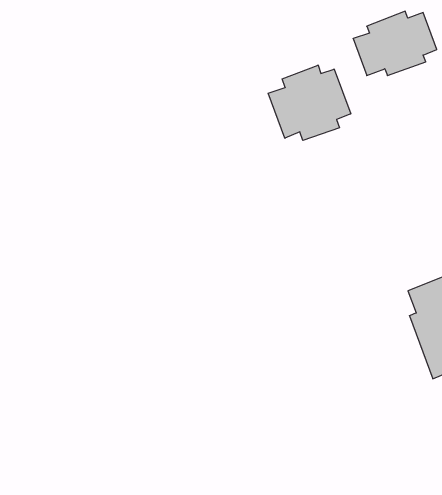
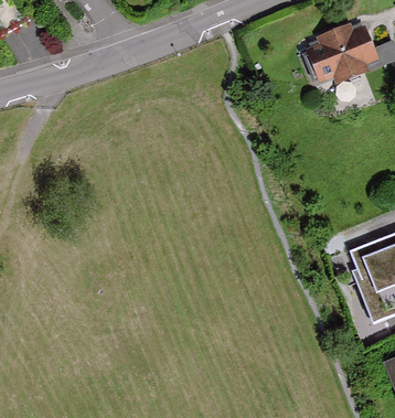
building: [268,65,351,140] -> none

